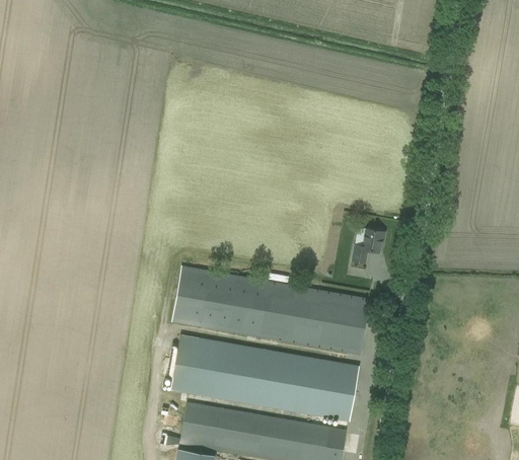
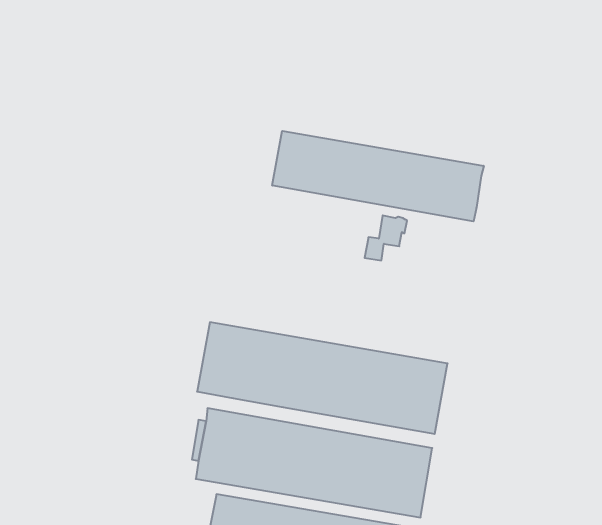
building: none -> [272,131,484,221]
building: [353,228,386,263] -> [365,215,407,260]

